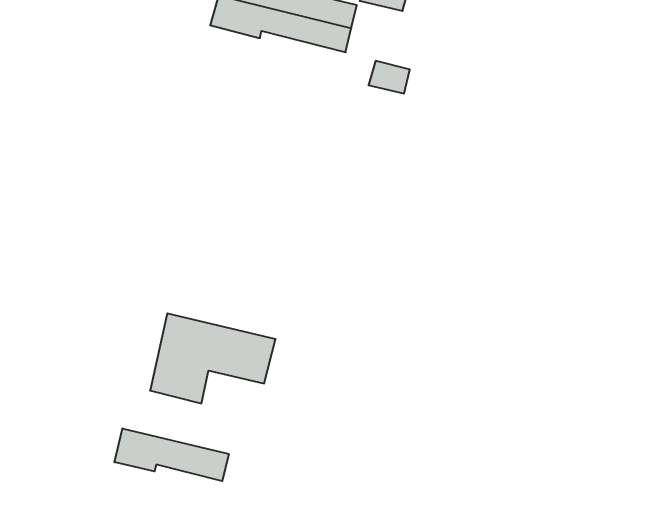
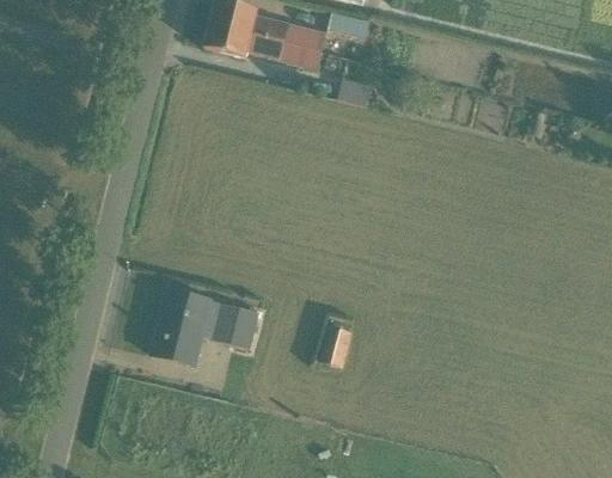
building: none -> [318,325,354,367]
building: [114,428,229,481] -> none

